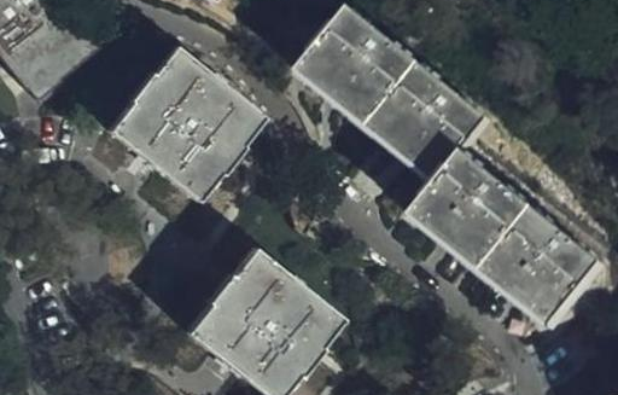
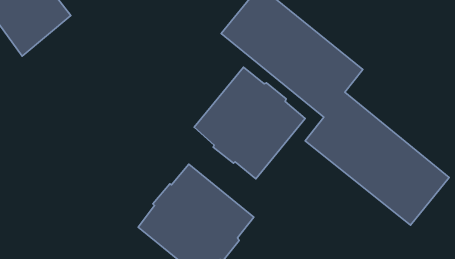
building: [107,45,264,201] -> none
building: none -> [194,67,305,179]

